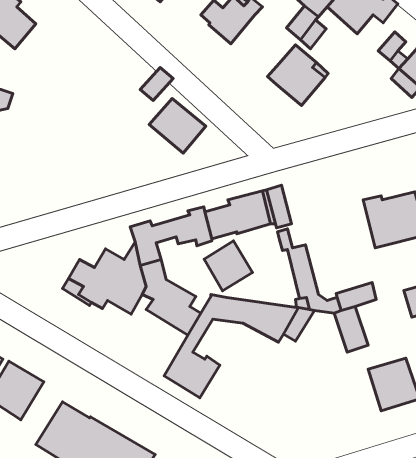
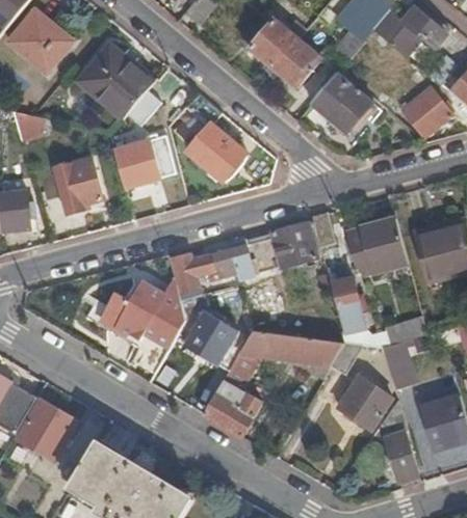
building: none -> [273,37,322,87]
building: none -> [81,45,157,117]
building: none -> [399,90,444,134]
building: none -> [116,140,160,187]
building: none -> [52,158,102,214]
building: none -> [343,216,406,274]
building: [204,241,253,291] -> none
building: none -> [336,377,389,430]
building: none -> [378,401,416,484]

